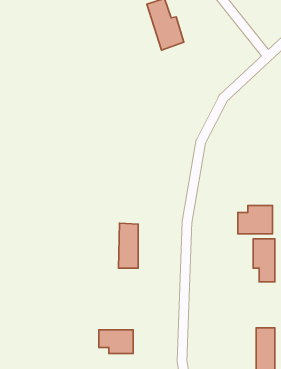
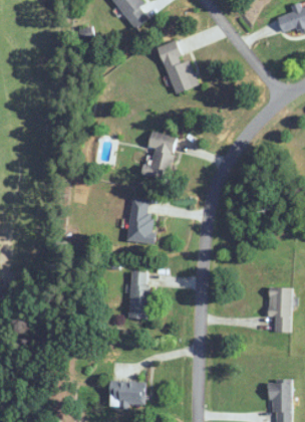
building: none -> [140,131,177,179]
building: none -> [128,198,155,243]
building: [238,206,272,234] -> none

